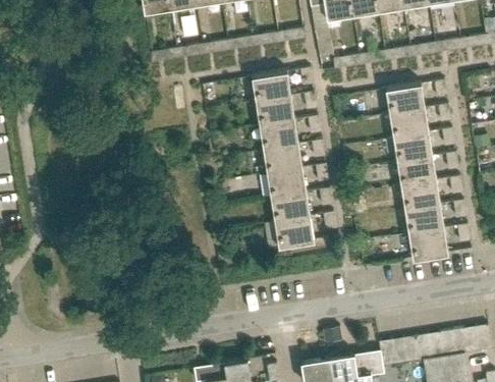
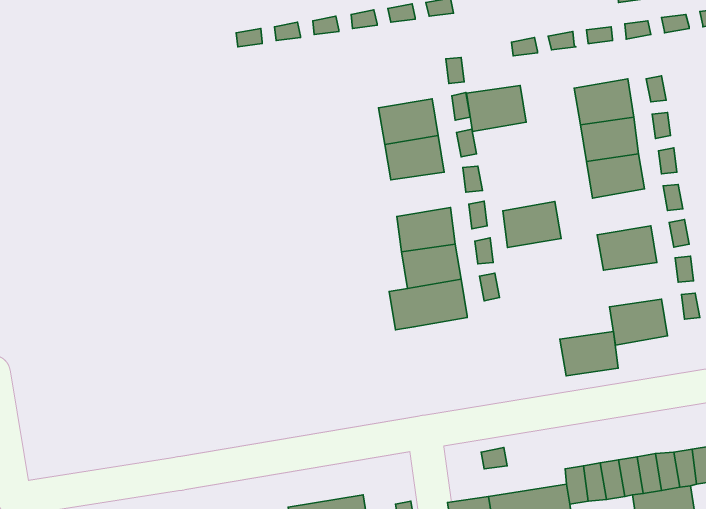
building: [252,73,291,104] -> [466,86,526,131]
building: [264,147,304,176] -> none
building: [398,158,437,188] -> [503,202,561,248]
building: [405,207,444,236] -> [560,331,618,376]

